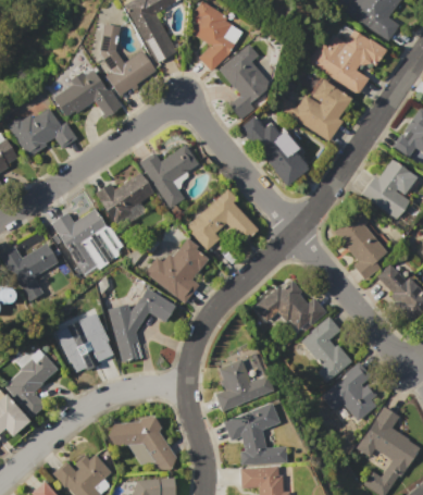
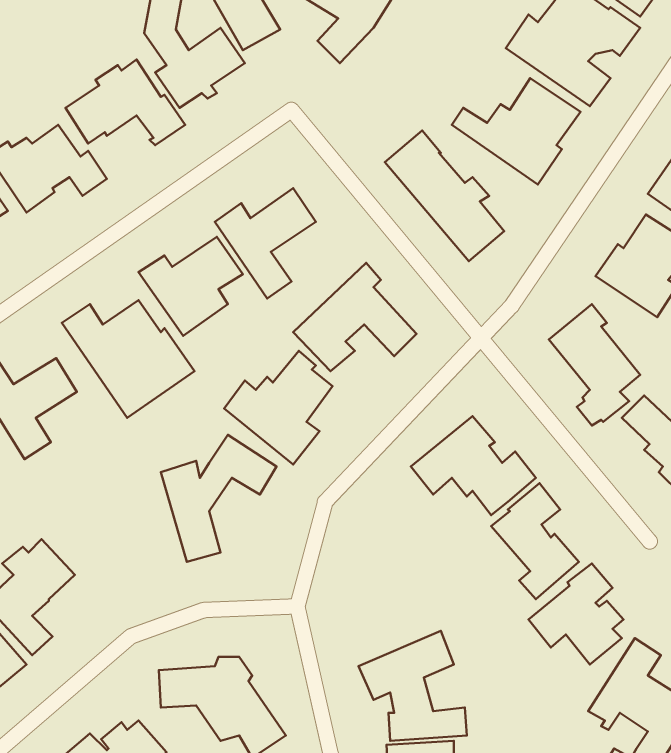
building: [220,45,269,120] -> none
building: [57,312,114,375] -> none
building: [215,352,274,412] -> none

